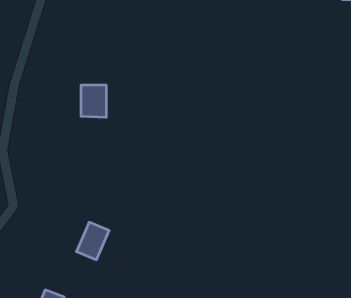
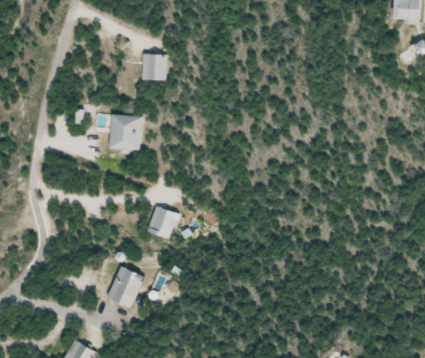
building: none -> [143,54,164,80]
building: none -> [148,206,179,239]

